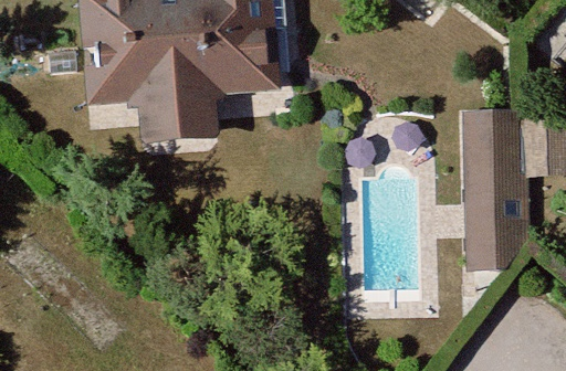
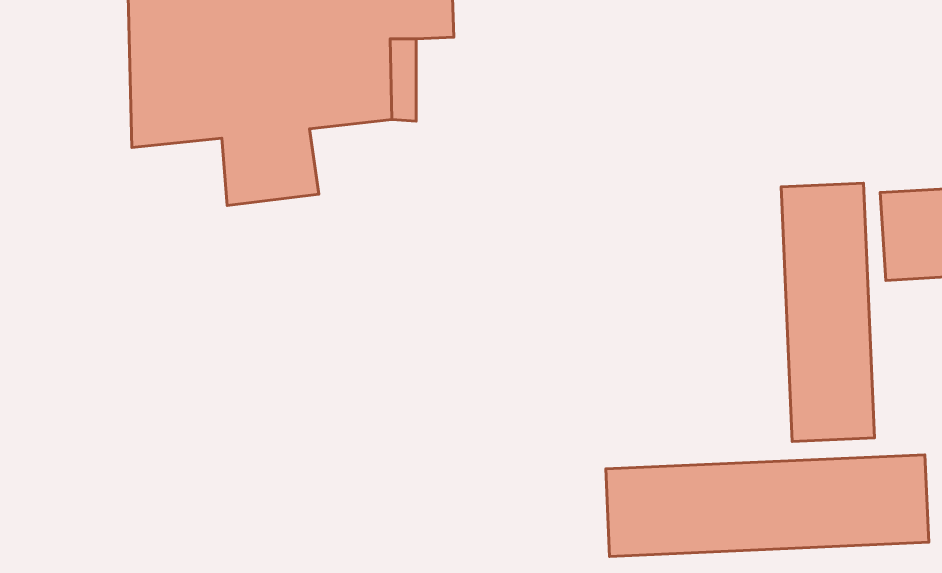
building: none -> [606,455,929,556]

